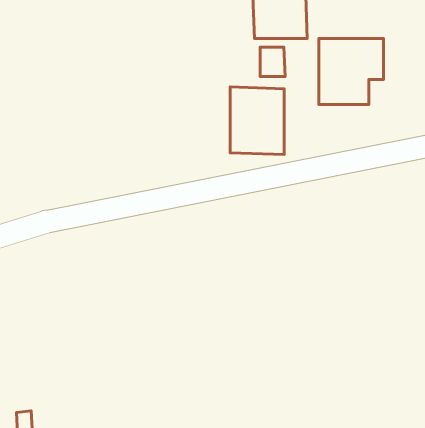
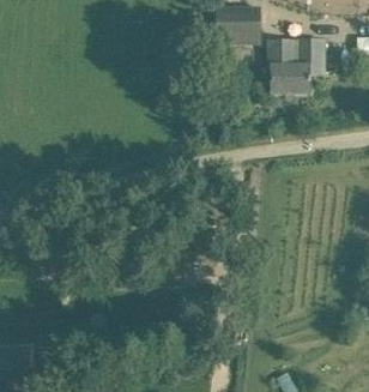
building: [230,87,284,155] -> none

